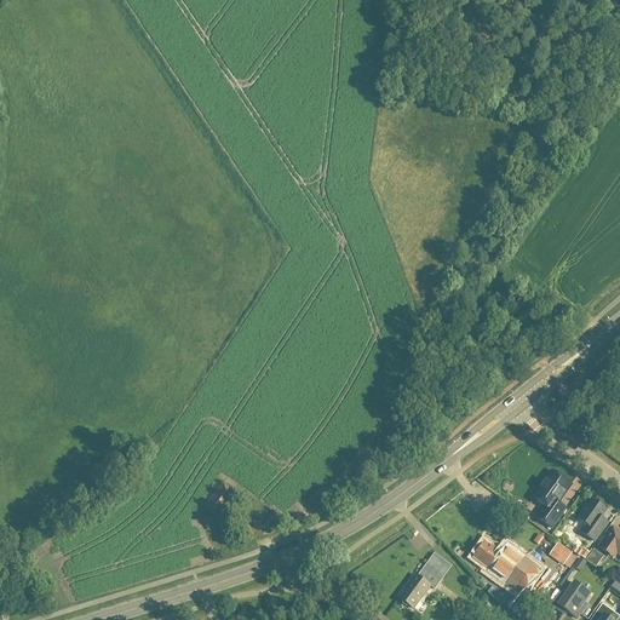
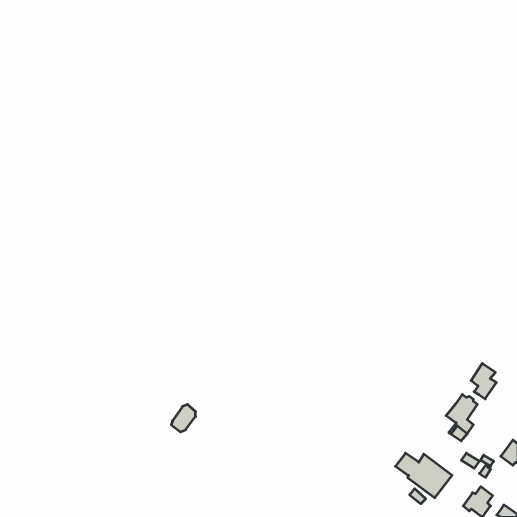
building: [579,498,609,540] -> [471,363,496,399]
building: [400,568,441,608] -> none

